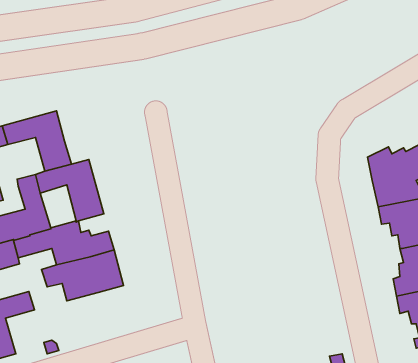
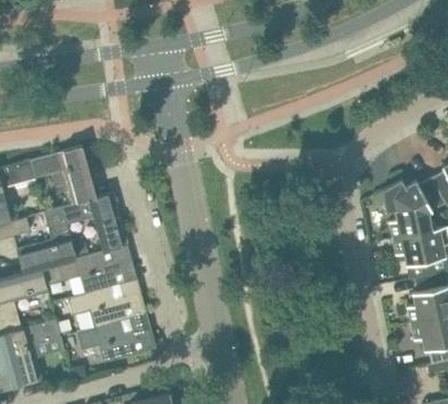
building: none -> [76,321,156,363]

